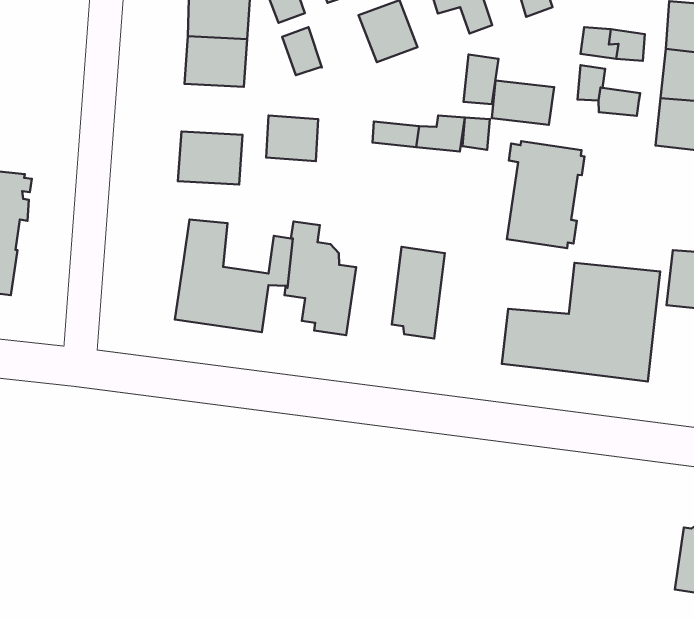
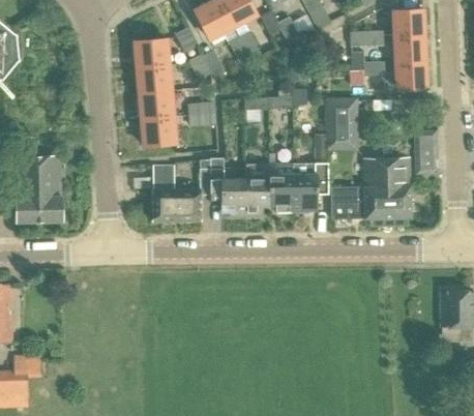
building: [492,80,554,125] -> none
building: none -> [140,90,175,119]
building: none -> [246,164,270,215]
building: none -> [293,162,319,210]

